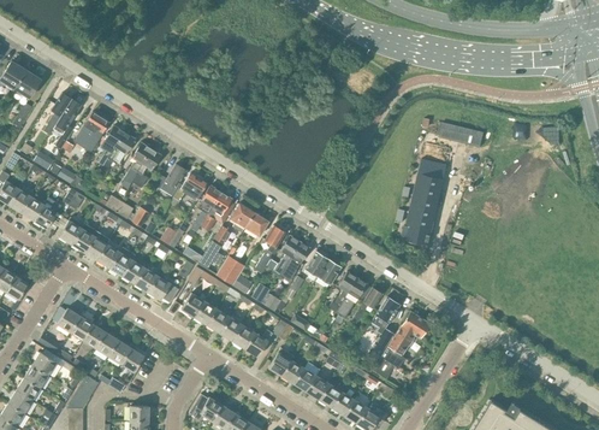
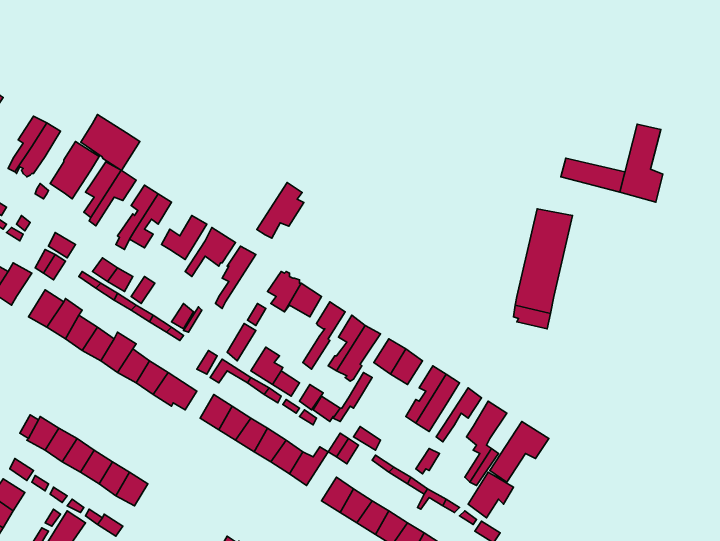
building: none -> [81,114,140,170]
building: none -> [620,124,663,202]
building: [200,192,233,231] -> [257,182,304,238]

